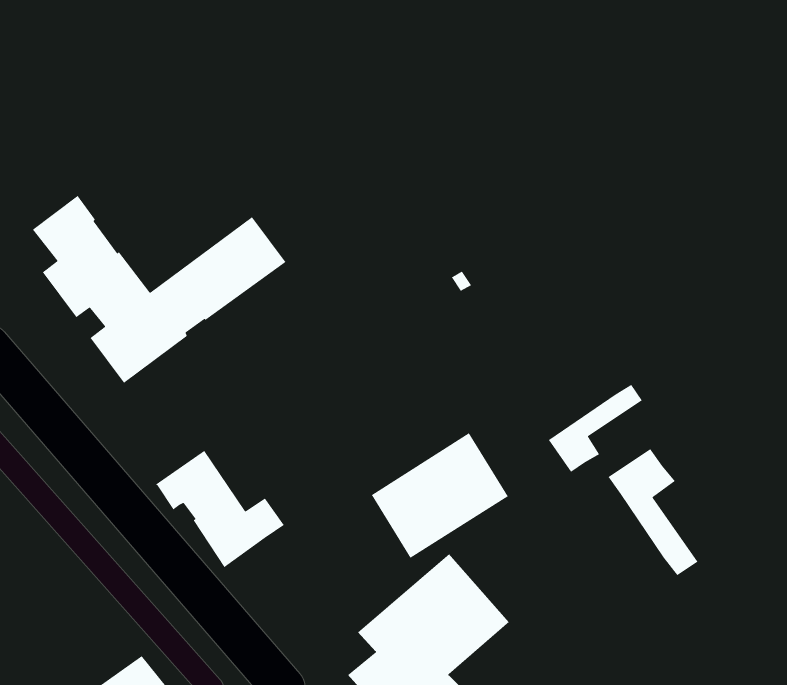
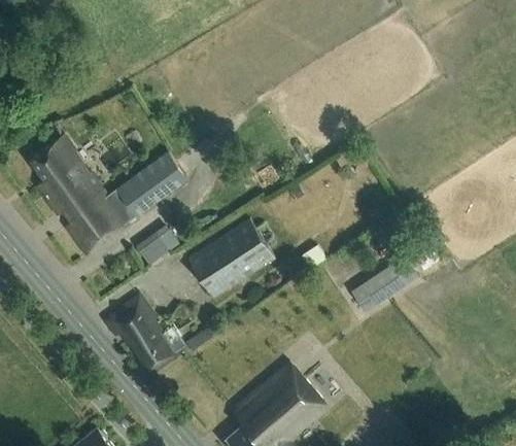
building: none -> [144,221,188,262]
building: [371,432,509,559] -> [190,218,276,298]
building: [608,448,699,576] -> none

